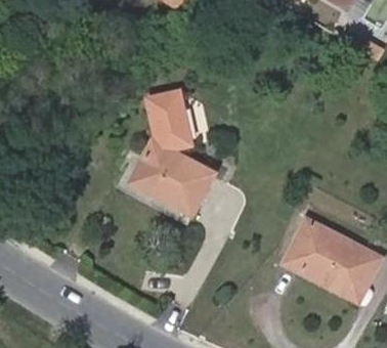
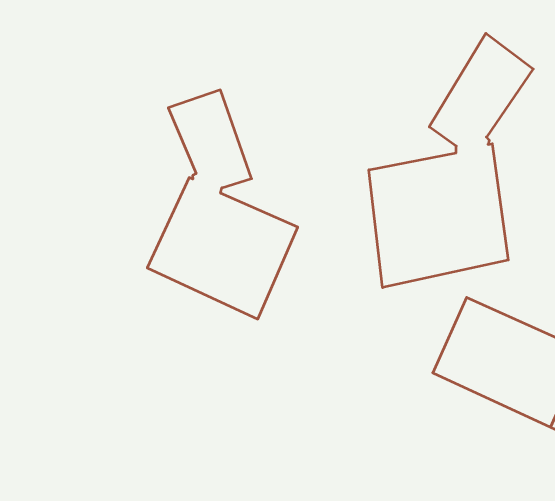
building: none -> [369,33,533,288]

